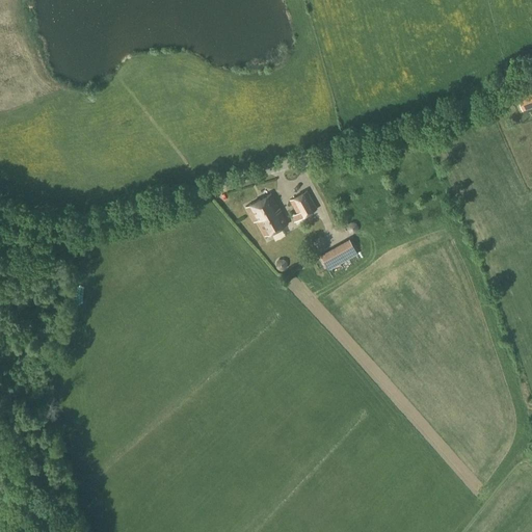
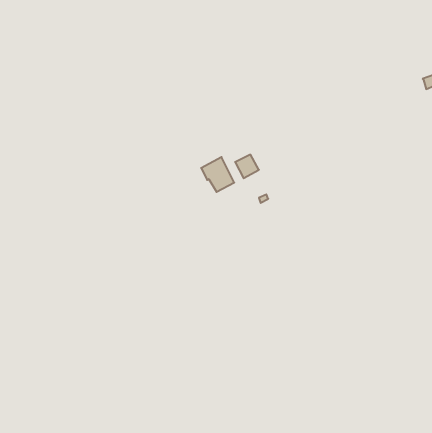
building: [321,237,358,269] -> none

